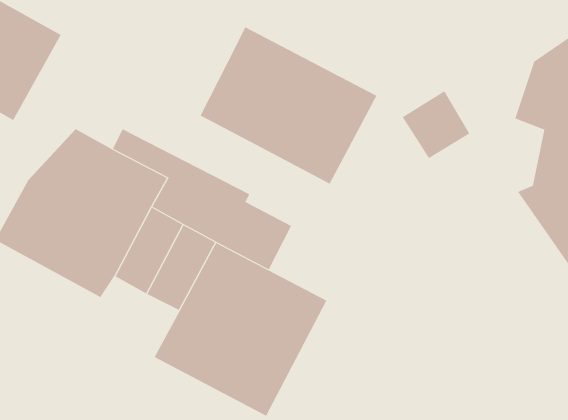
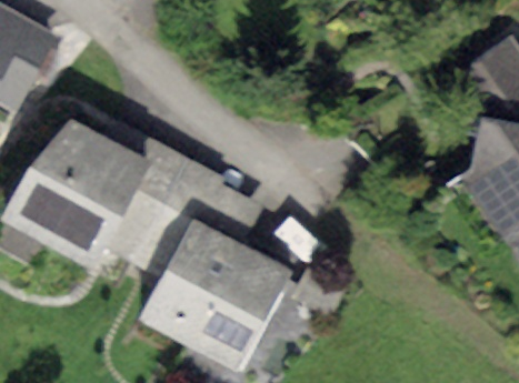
building: [200,26,377,184] -> none

